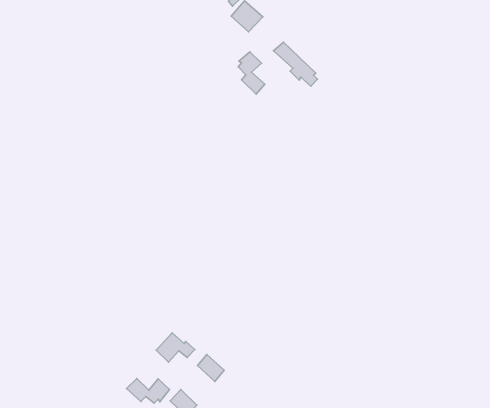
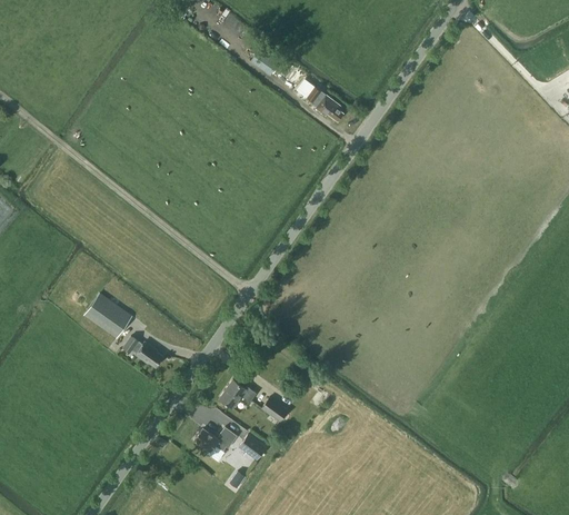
building: [238,52,265,94] -> none
building: none -> [84,293,132,338]
building: none -> [123,336,162,366]

